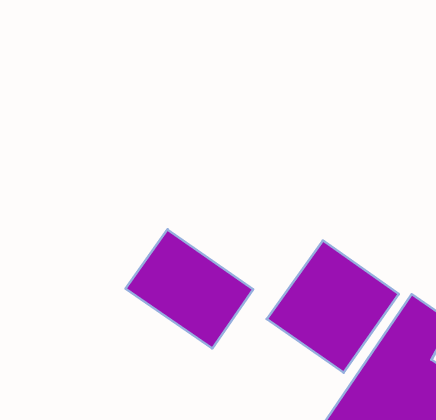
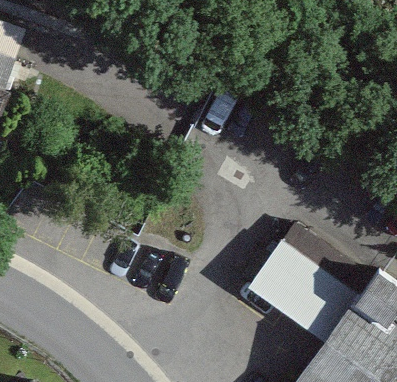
building: [126,229,253,348] -> none

